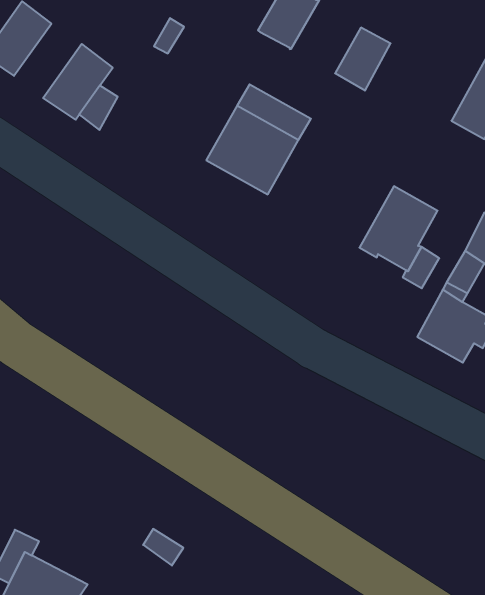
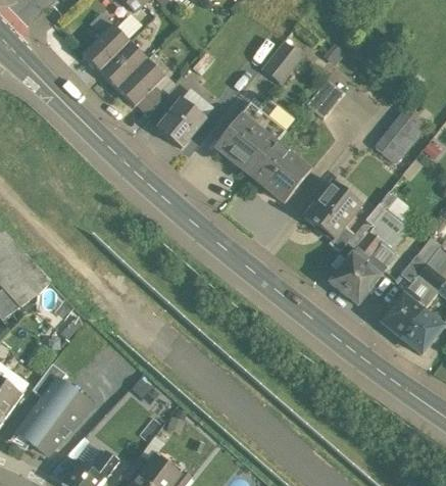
building: none -> [100,41,147,88]
building: none -> [157,99,205,147]
building: none -> [250,142,310,201]

